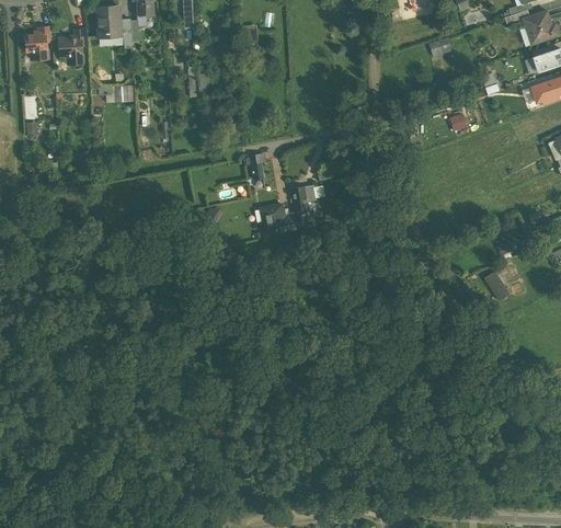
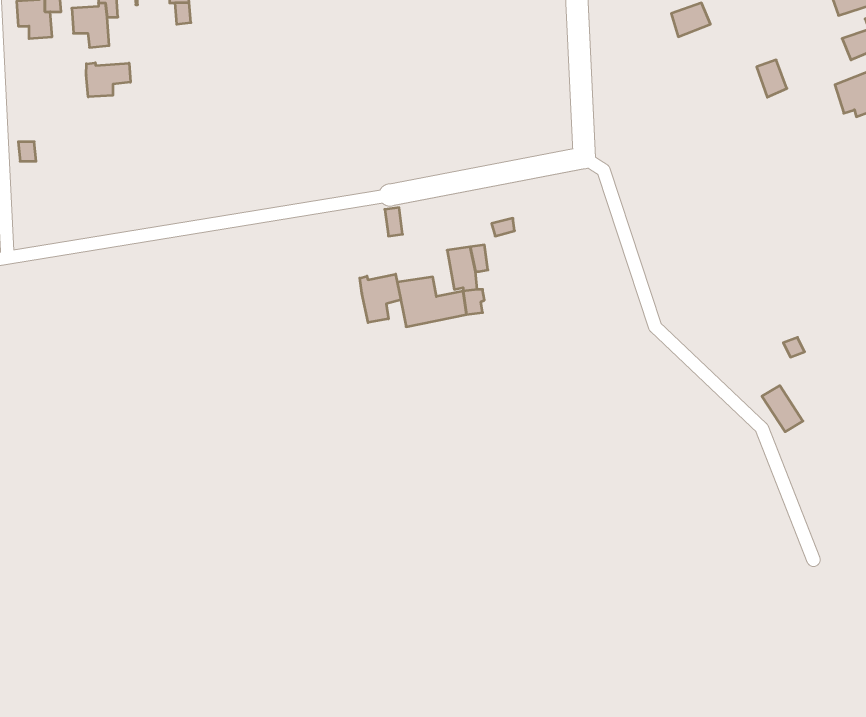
building: none -> [86,63,130,97]
building: none -> [360,274,401,323]

